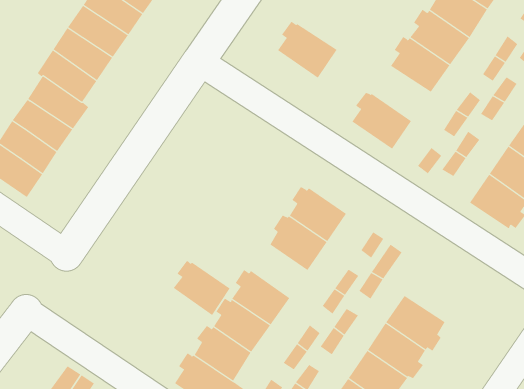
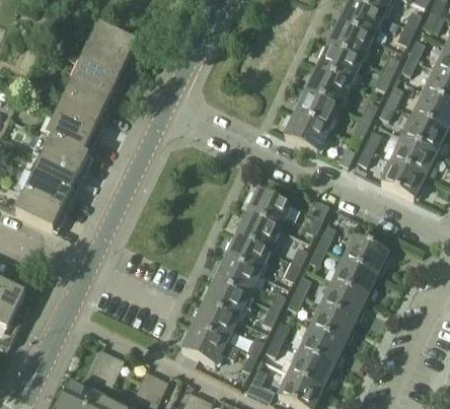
building: [277,21,338,78] -> [296,87,341,127]
building: [173,260,230,316] -> [227,233,270,272]
building: none -> [344,233,388,273]

